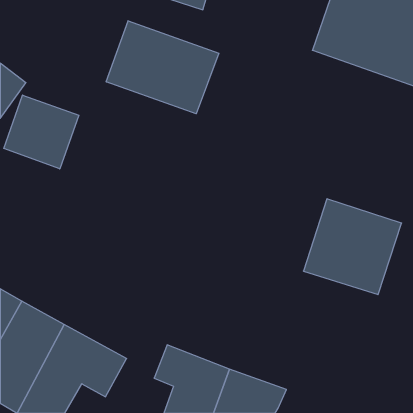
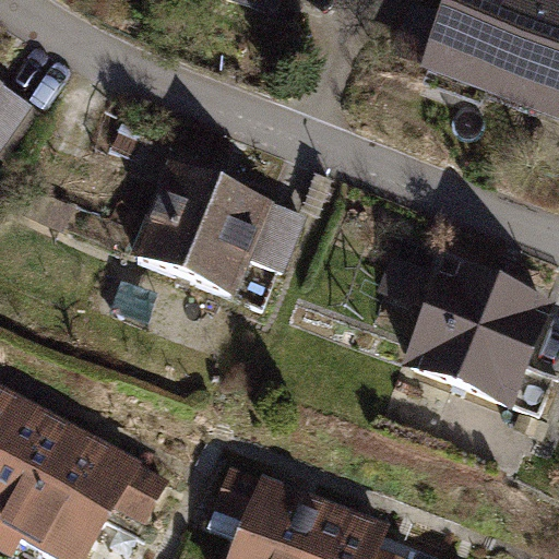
building: [106,21,219,114] -> none
building: [4,95,79,169] -> none
building: none -> [127,163,263,292]

